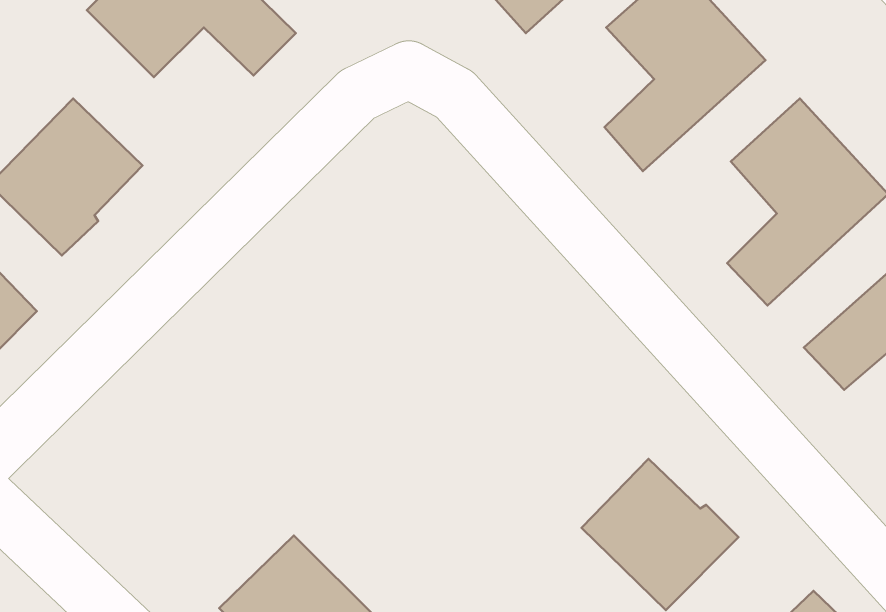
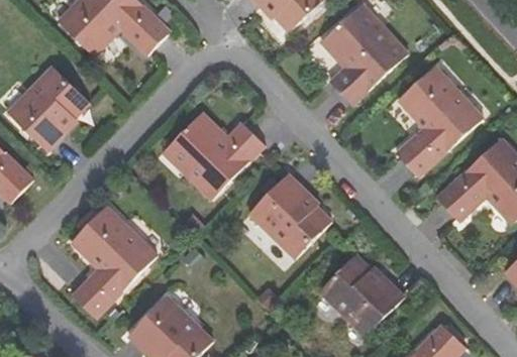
building: none -> [165,117,262,200]
building: none -> [248,173,333,261]
building: none -> [72,207,156,316]

